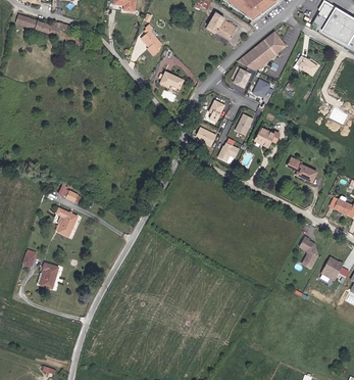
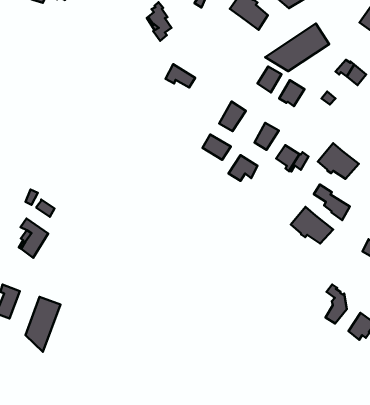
building: none -> [318,143,359,179]
building: none -> [291,207,333,244]
building: none -> [26,297,61,352]

